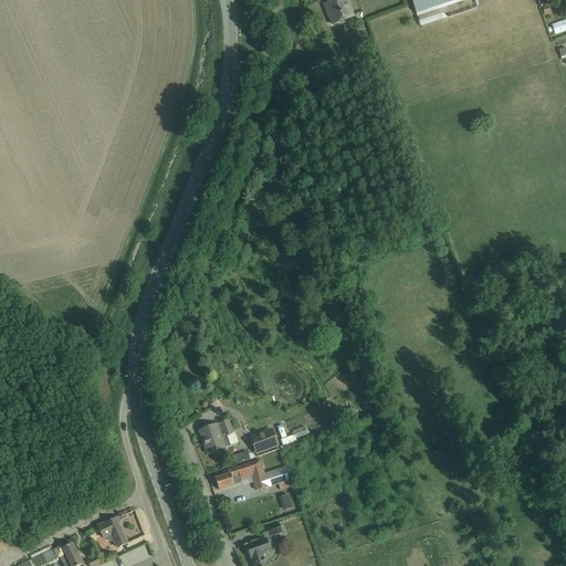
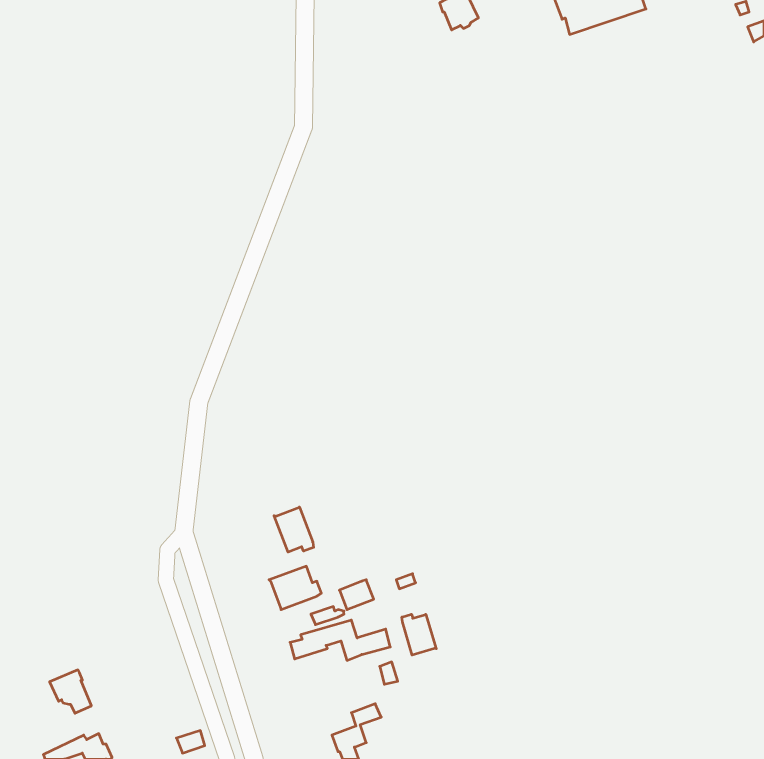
building: none -> [274,507,314,552]
building: none -> [402,614,436,655]
building: [96,514,127,546] -> [50,670,91,713]

